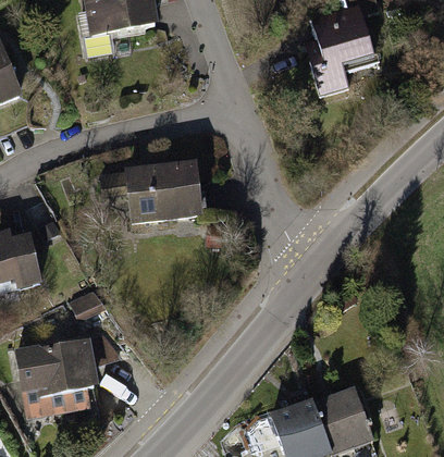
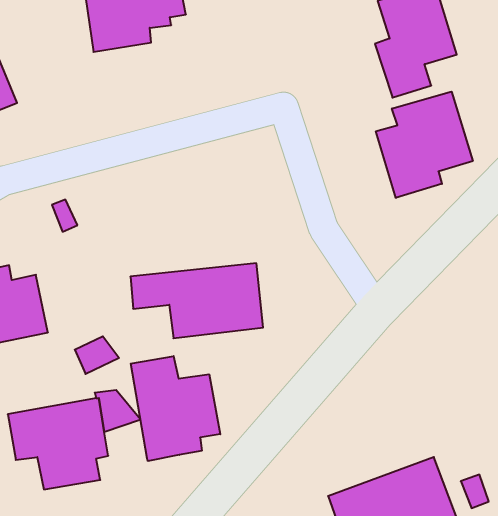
building: none -> [376,92,473,198]
building: [98,162,206,223] -> [130,263,263,338]
building: none -> [131,356,220,461]

